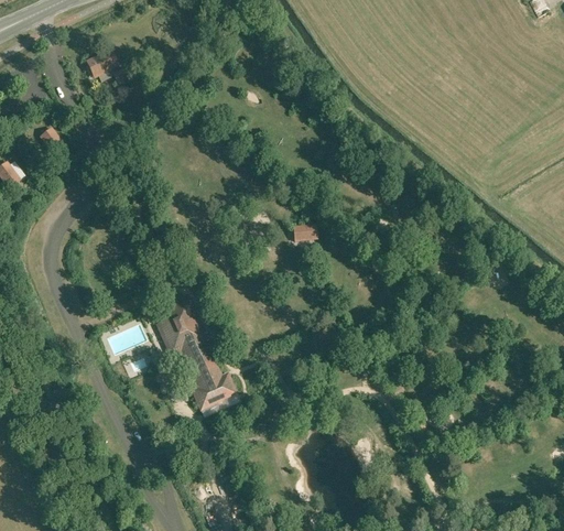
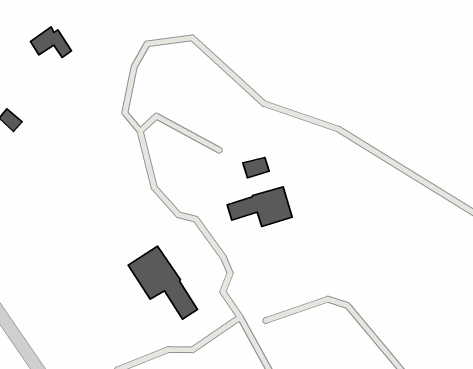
building: none -> [227,187,292,226]
building: [192,379,236,411] -> none

